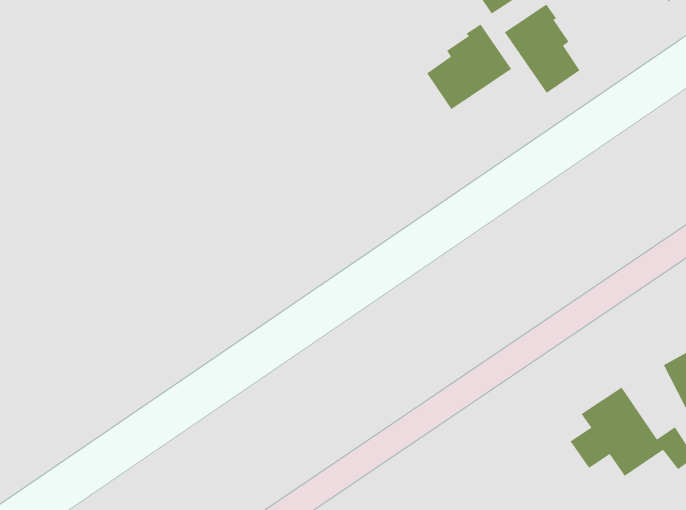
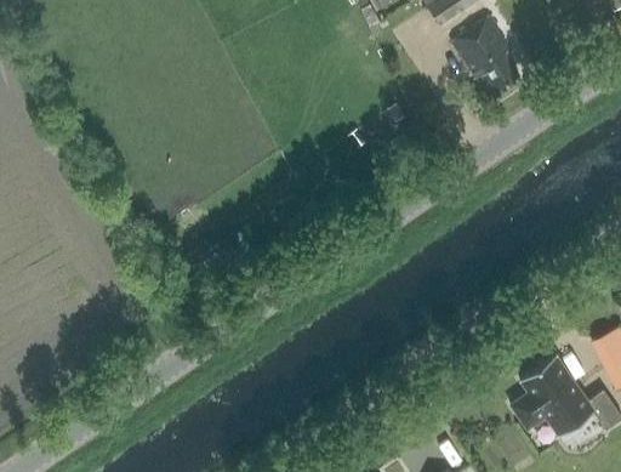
building: [426,24,512,110] -> none

